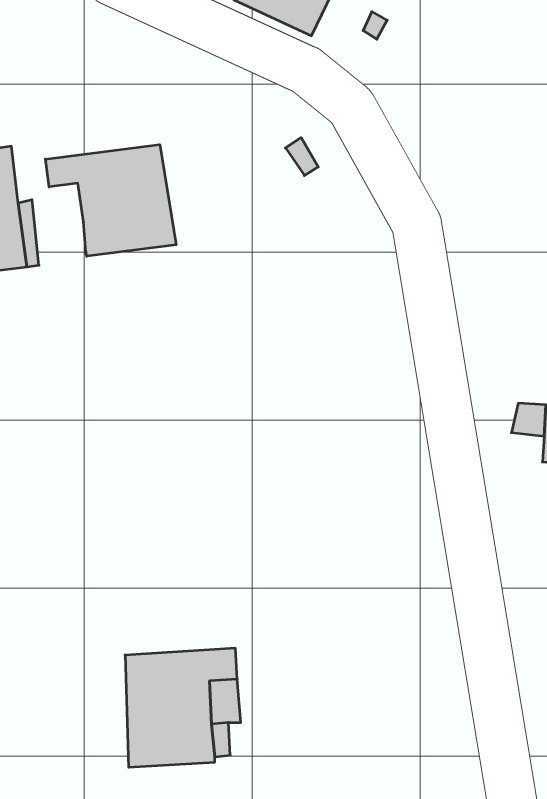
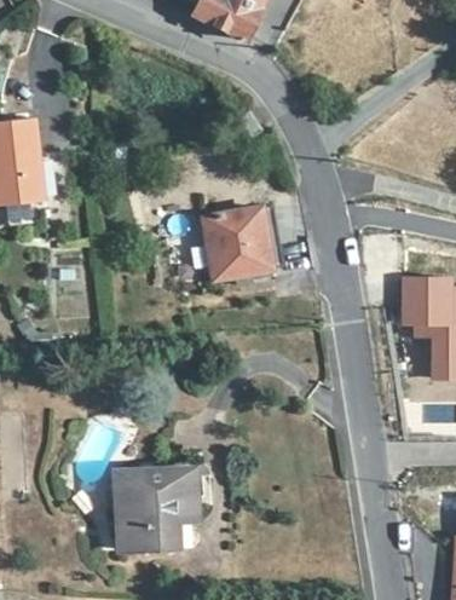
building: [45,145,176,256] -> none
building: none -> [203,207,283,281]

